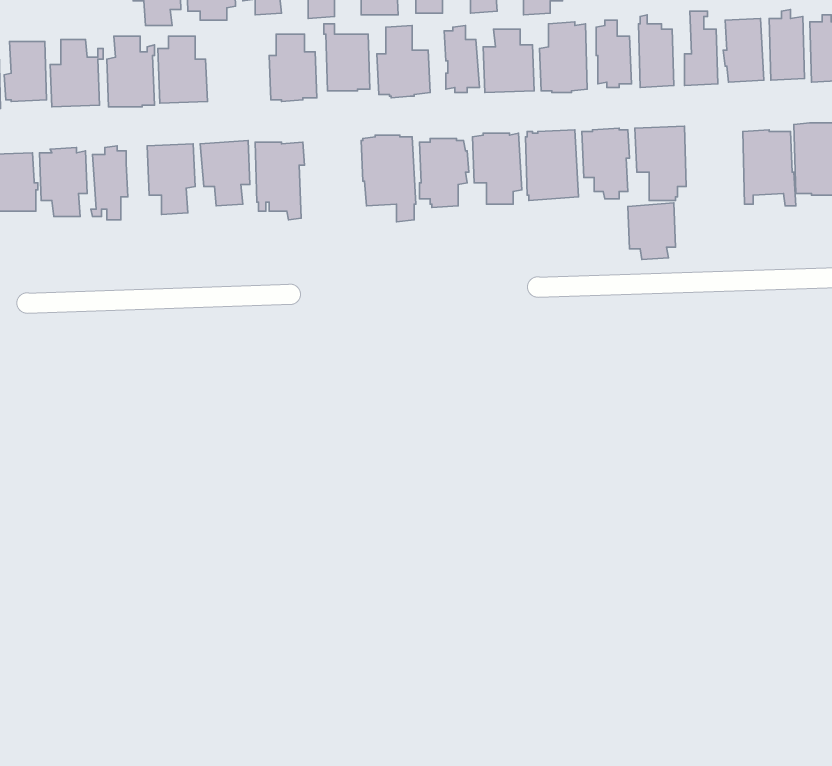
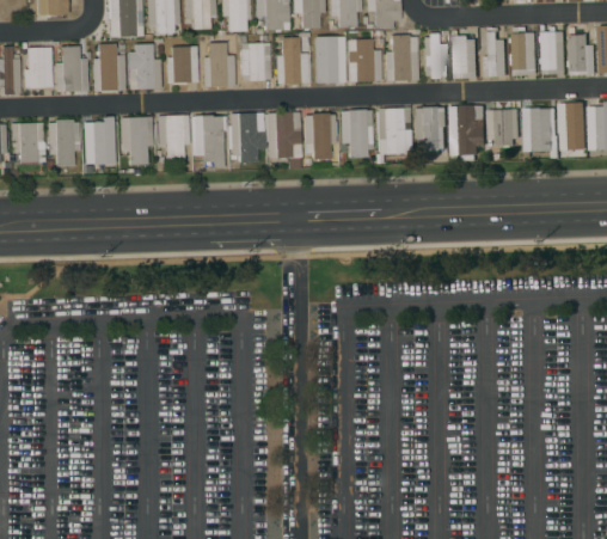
building: none -> [165,47,197,85]
building: none -> [229,112,265,163]
building: [628,203,675,259] -> [486,109,519,147]

